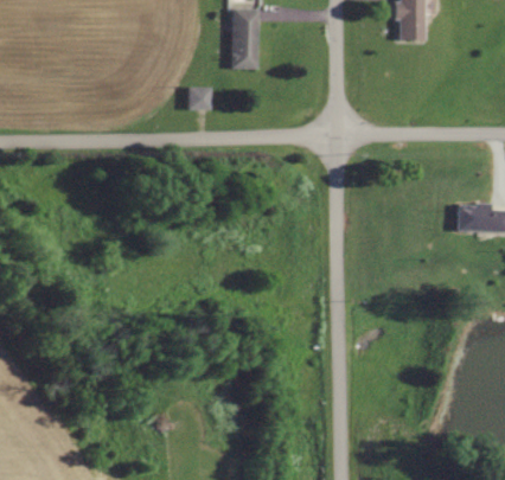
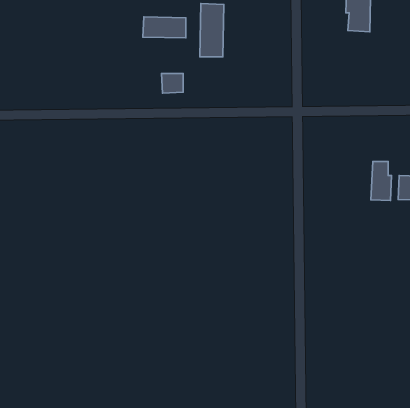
building: none -> [143,17,186,38]
building: none -> [371,161,391,200]

